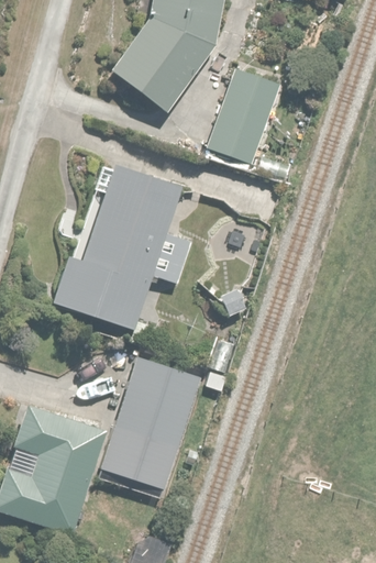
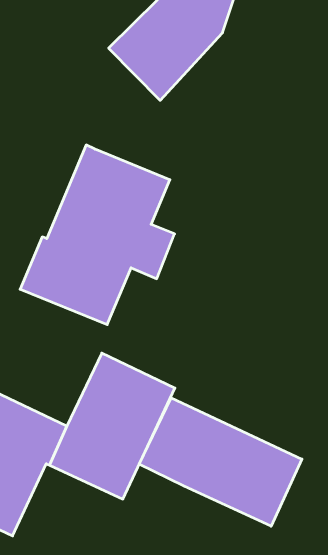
building: [204,69,279,164] -> none
building: none -> [139,398,302,526]

